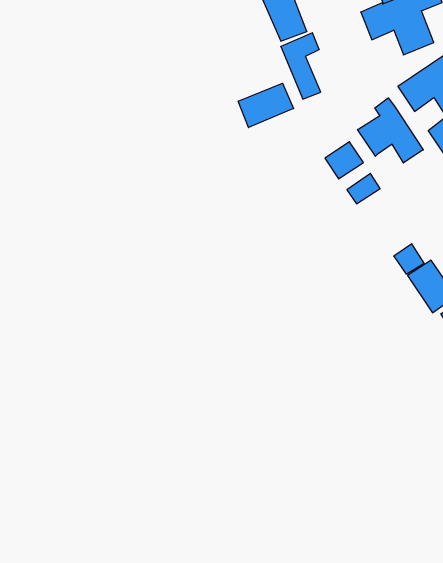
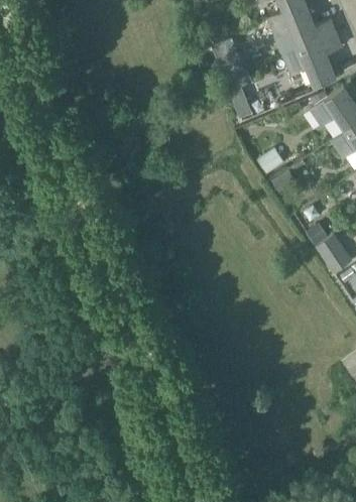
building: [238,83,294,128] -> none
building: [358,98,423,163] -> none

